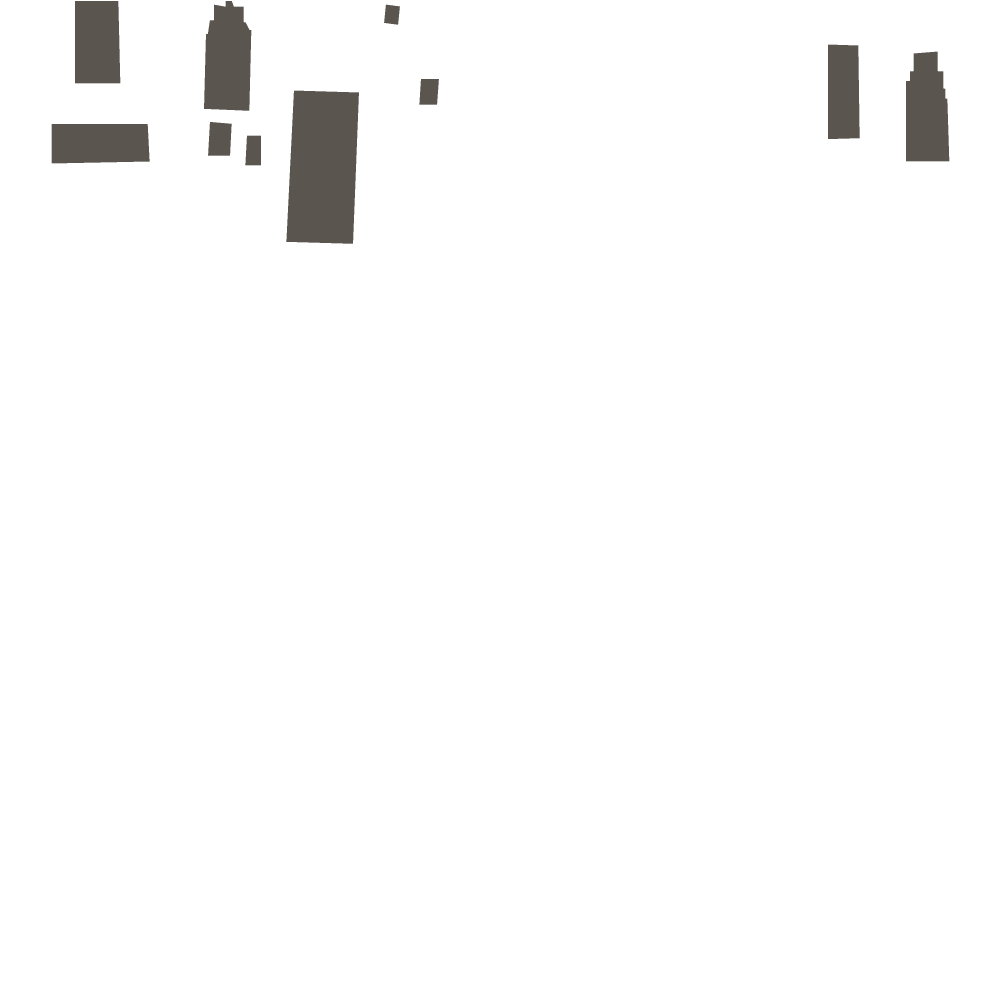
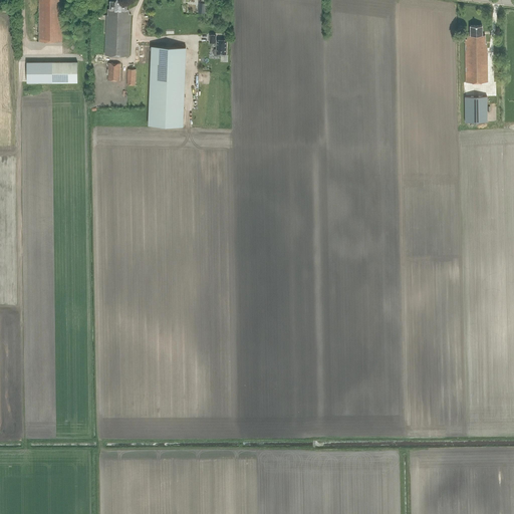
building: [827,44,861,140] -> none
building: none -> [465,97,487,123]

